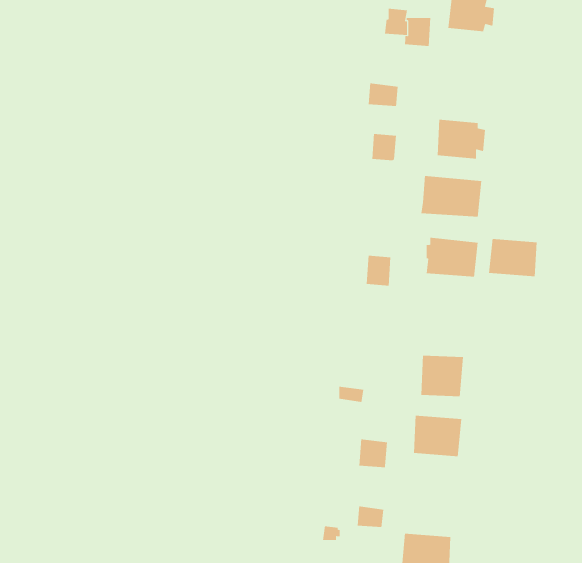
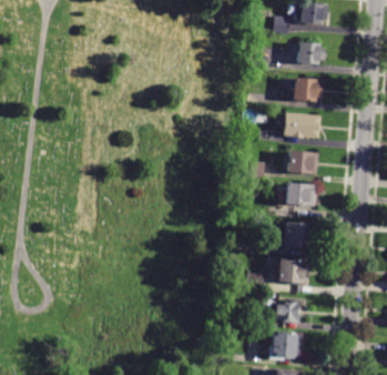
building: none -> [294,41,324,64]
building: [488,239,537,277] -> [285,182,315,205]
building: none -> [265,301,299,323]

